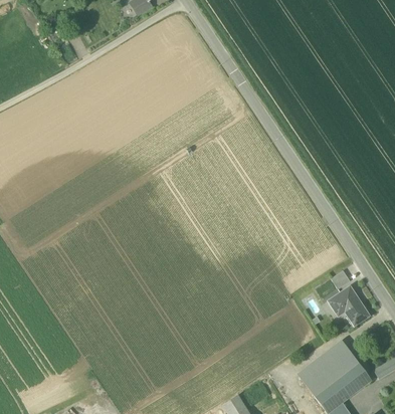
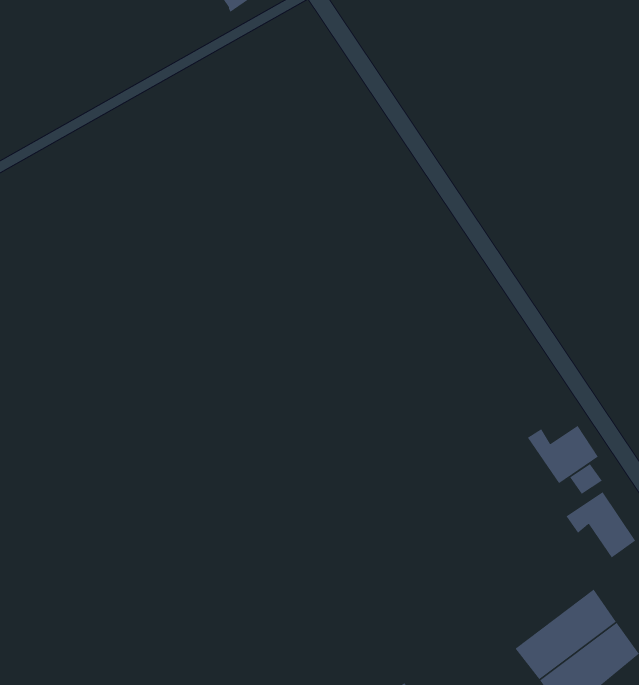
building: none -> [527,425,599,484]

